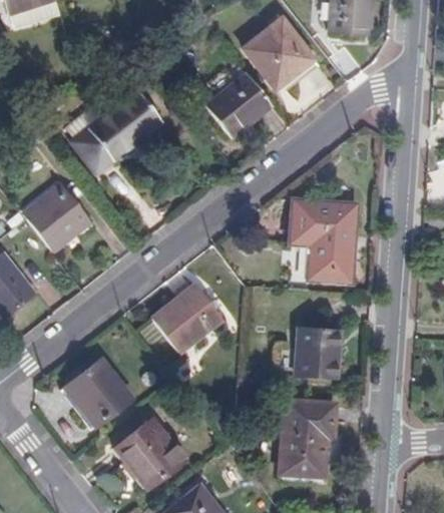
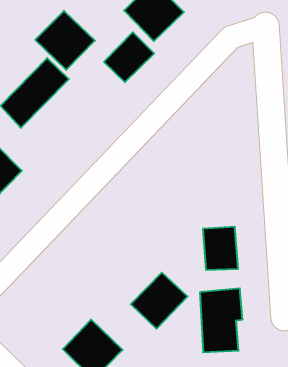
building: none -> [35,11,95,70]
building: [294,199,356,278] -> none
building: [151,286,221,353] -> [131,273,188,329]
building: [65,362,126,424] -> none

